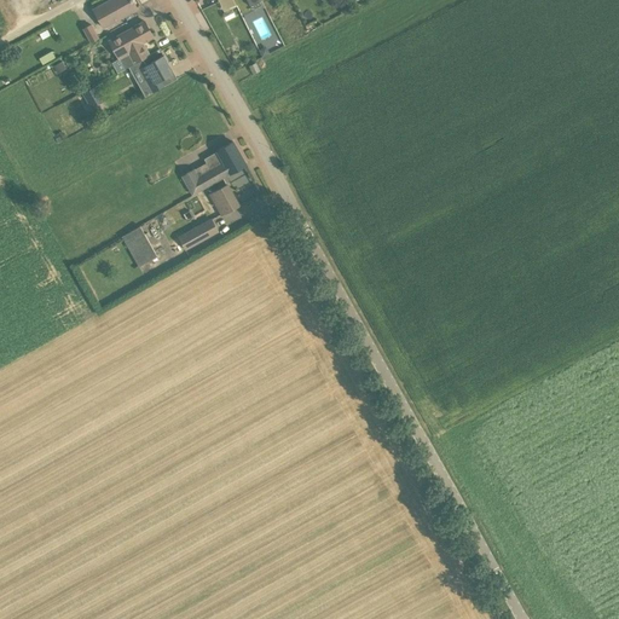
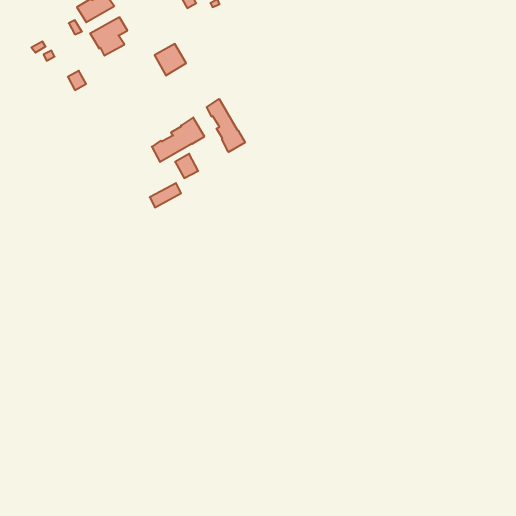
building: [138,54,175,92] -> [155,44,186,75]
building: none -> [207,99,245,152]
building: [120,225,156,266] -> none

